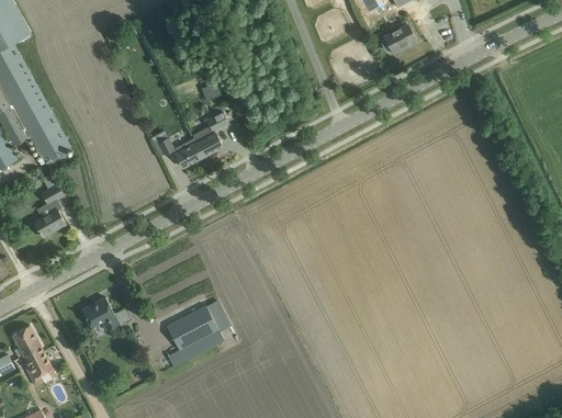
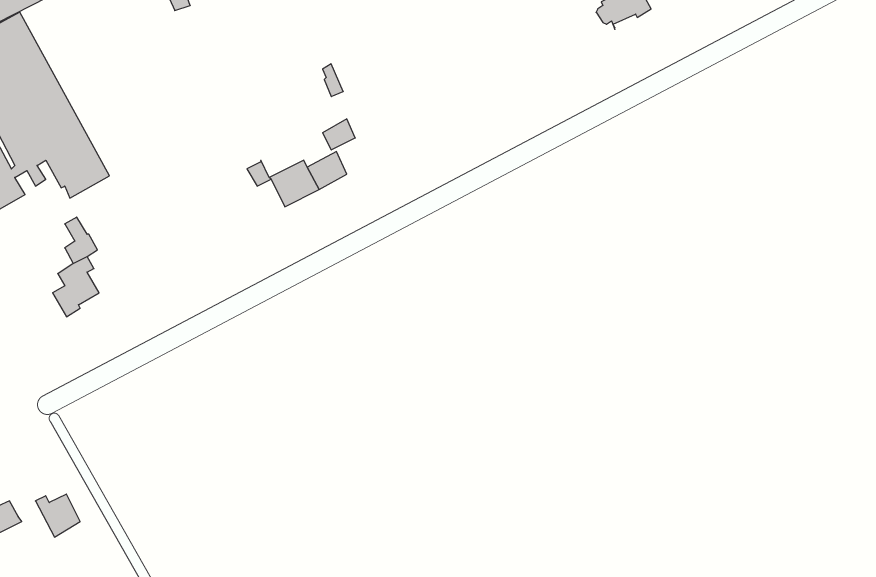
building: [81,297,119,331] -> none
building: [166,306,225,369] -> none
building: [12,326,43,357] -> none

